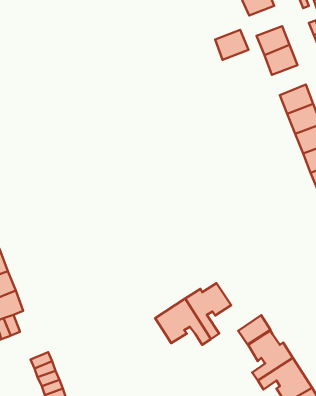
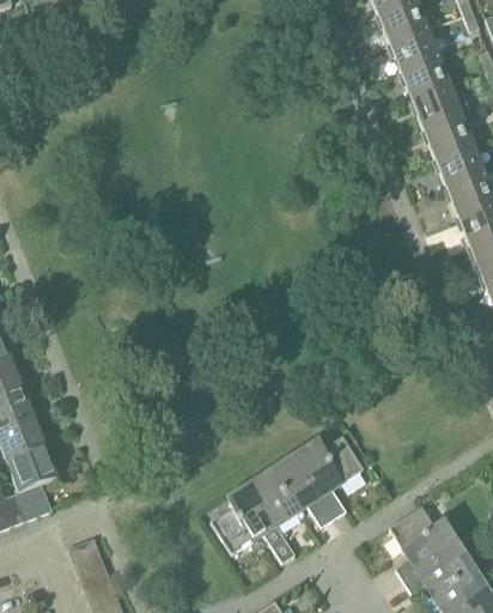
building: [215,30,248,60] -> [390,26,439,71]
building: none -> [424,114,474,158]
building: [238,315,271,345] -> none
building: none -> [211,487,294,562]

